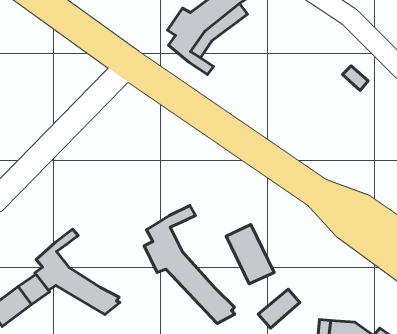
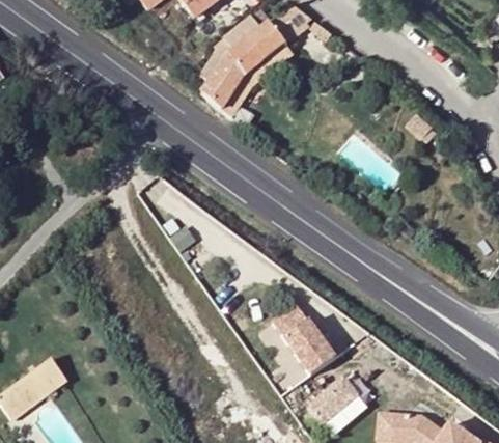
building: [144,206,235,324] -> none
building: [35,229,120,315] -> none

